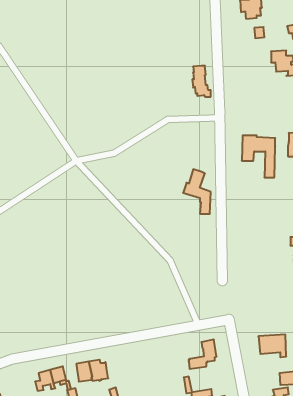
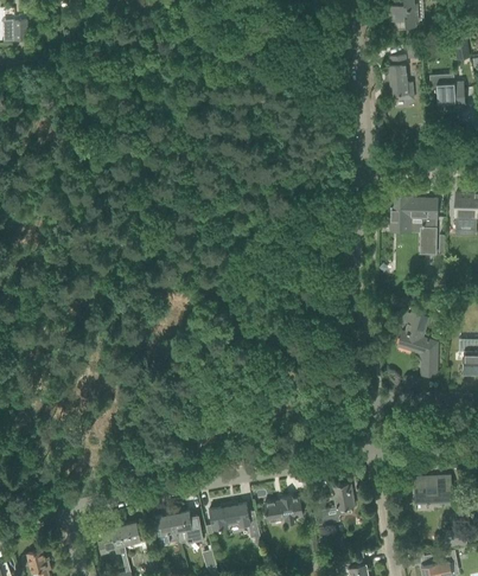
building: [192,66,211,97] -> [387,56,413,100]
building: [183,169,211,214] -> [397,313,436,376]
building: none -> [265,497,302,524]
building: none -> [209,504,256,530]

